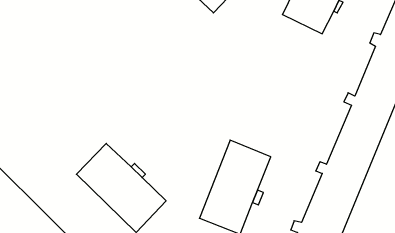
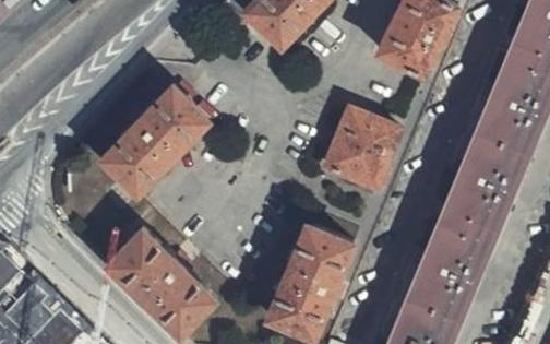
building: none -> [95,81,214,201]
building: none -> [321,104,404,193]

